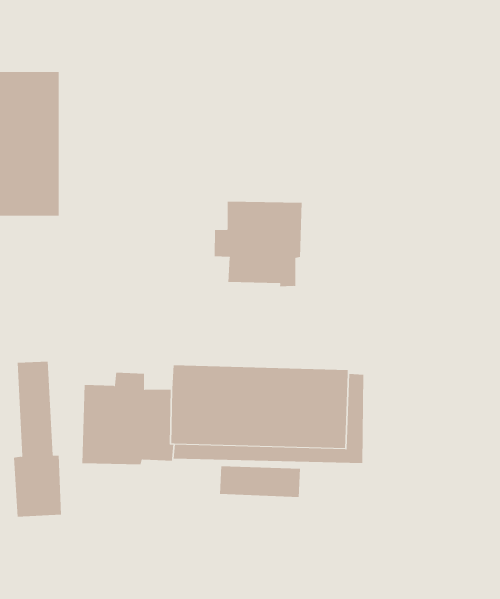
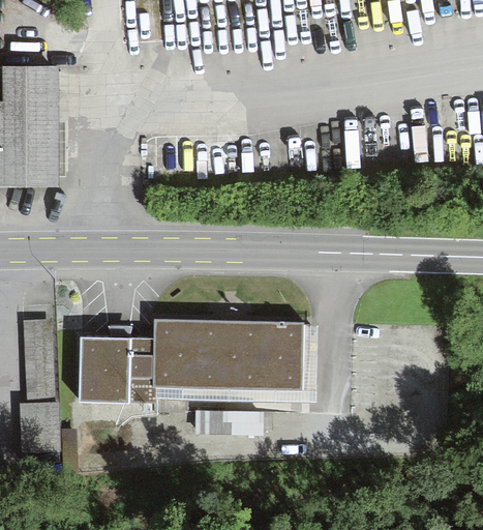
building: [214,201,302,287] -> none

